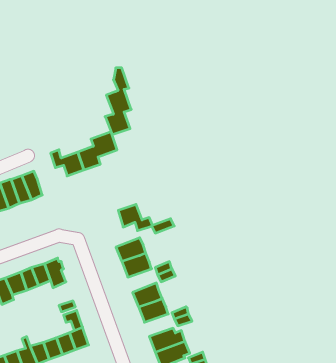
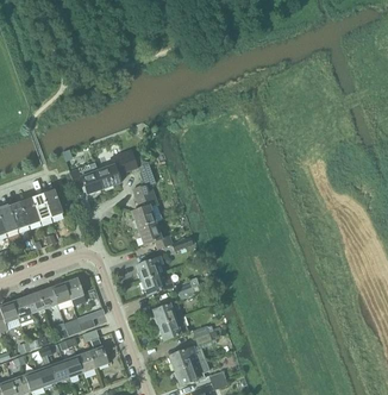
building: [105,68,131,134] -> [131,162,157,228]

